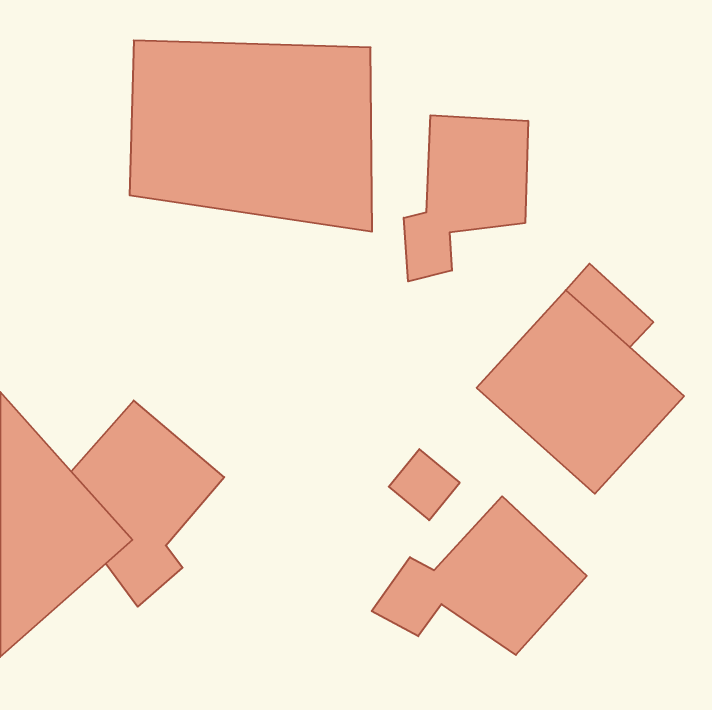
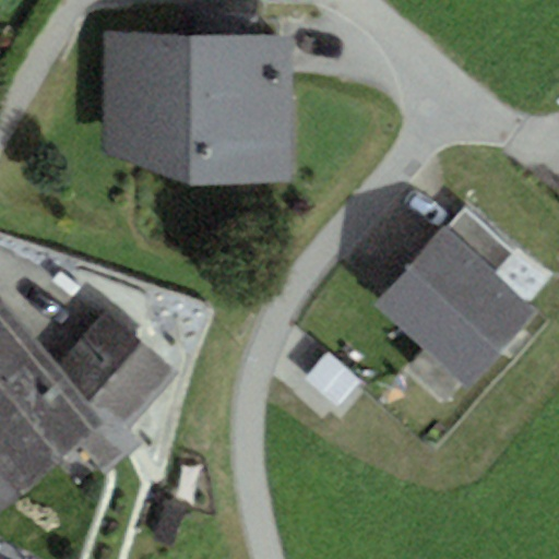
building: [404,115,528,281] -> none
building: [372,496,587,655] -> none

